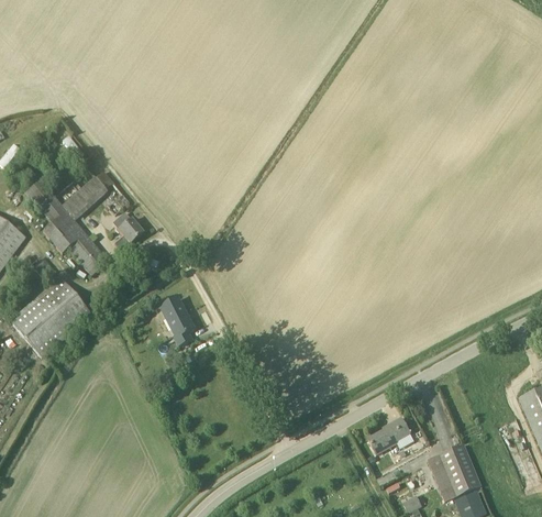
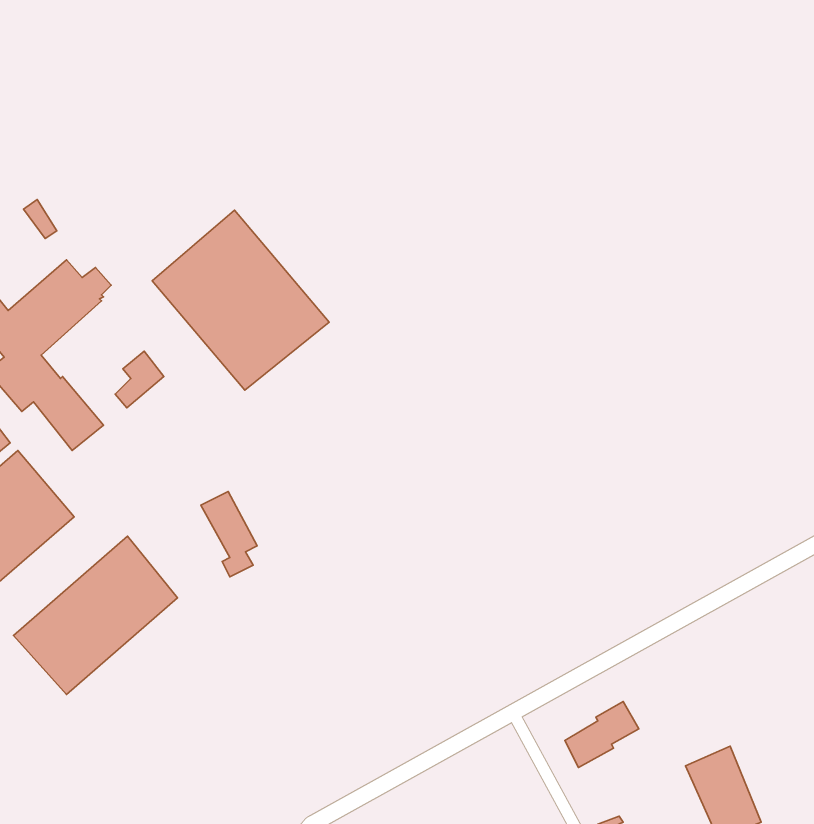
building: none -> [152,210,329,390]
building: none -> [13,536,178,695]

